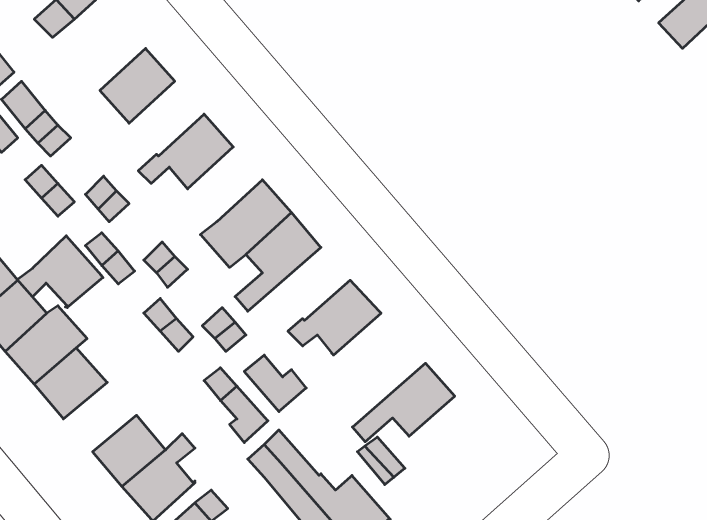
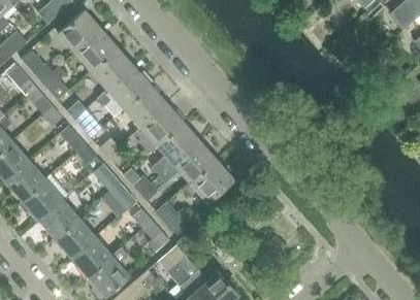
building: none -> [58,10,101,54]
building: none -> [92,48,134,91]
building: none -> [125,86,167,128]
building: [17,236,103,308] -> none
building: [352,363,455,442] -> [159,142,217,187]
building: none -> [55,219,96,258]

